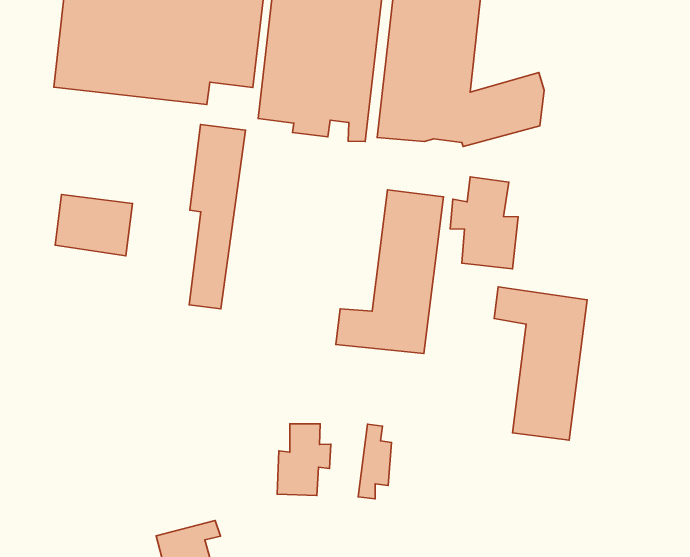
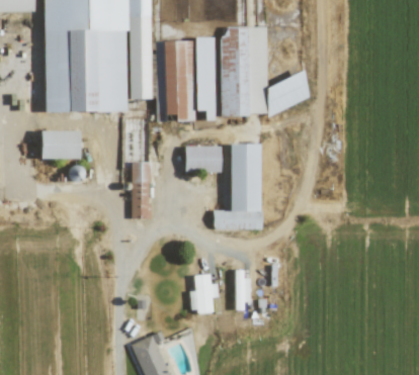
building: [450,177,518,269] -> none
building: none -> [185,146,222,171]
building: [55,195,132,256] -> [41,130,80,159]
building: [494,287,587,440] -> none

